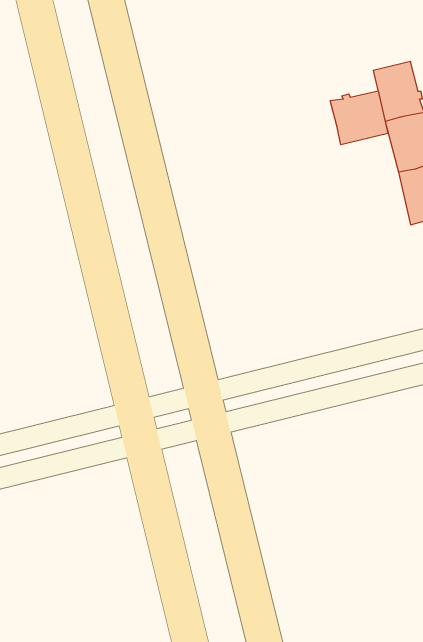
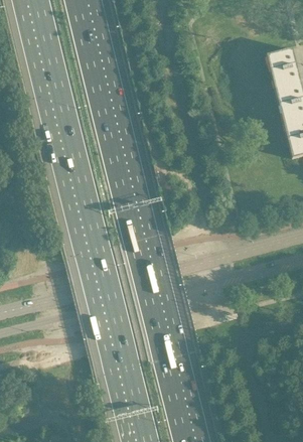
building: [330,91,388,145] -> none

